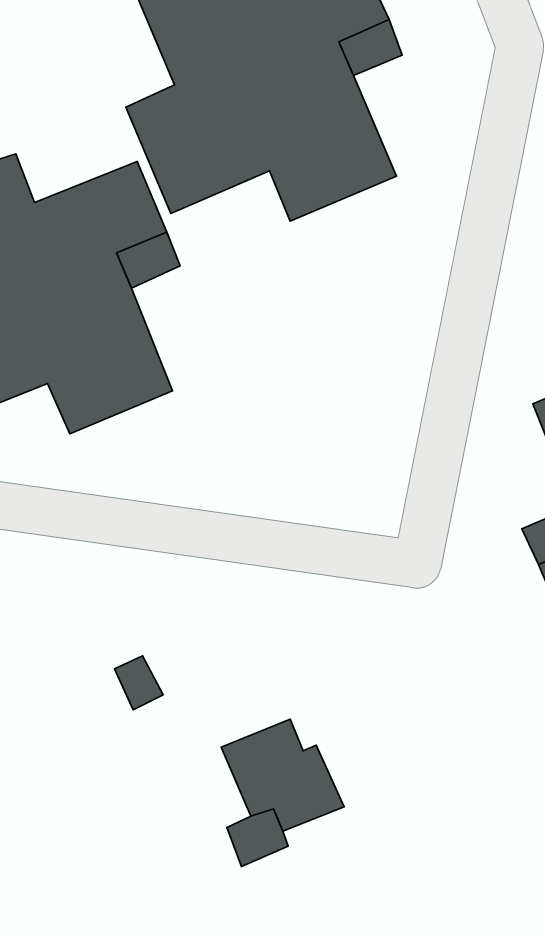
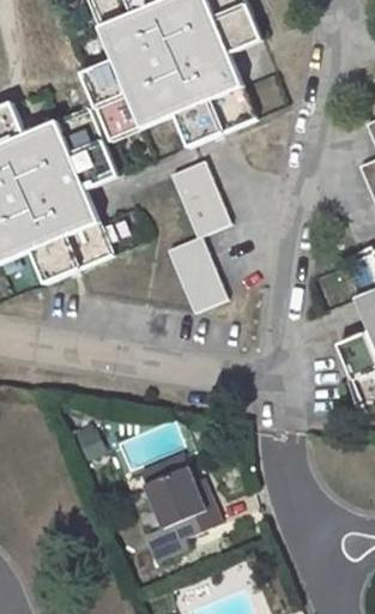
building: none -> [167,159,230,313]

